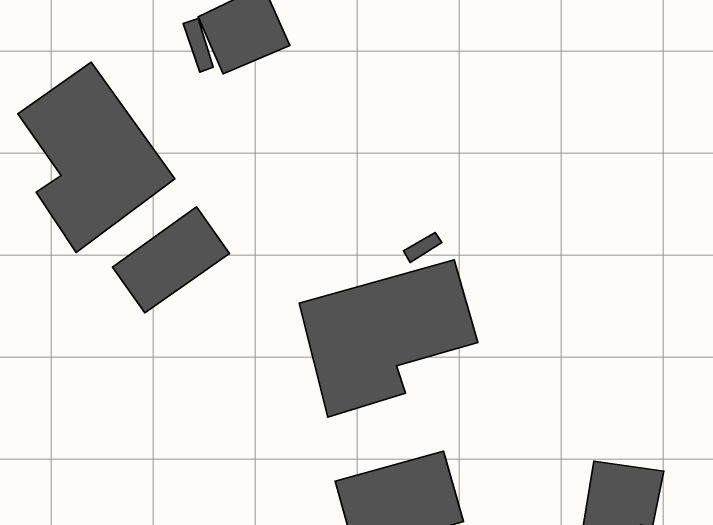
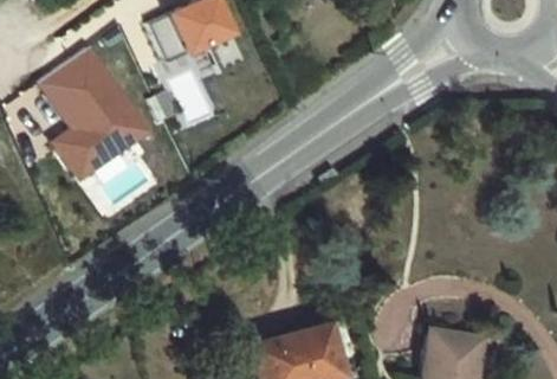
building: [113,207,230,313] -> none
building: [299,260,478,417] -> none

